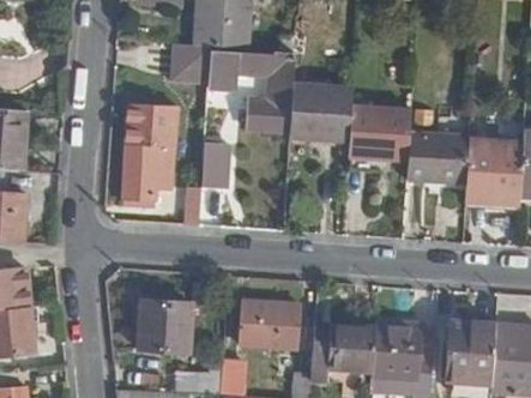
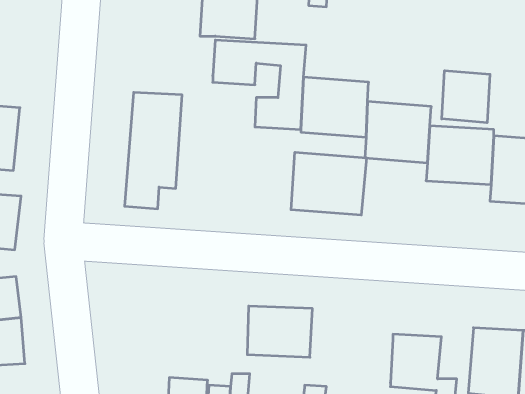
building: [176,44,210,83] -> none
building: none -> [442,71,490,123]
building: [201,140,228,187] -> none
building: none -> [291,152,366,215]
building: [138,300,193,354] -> none
building: [314,324,376,370] -> none

